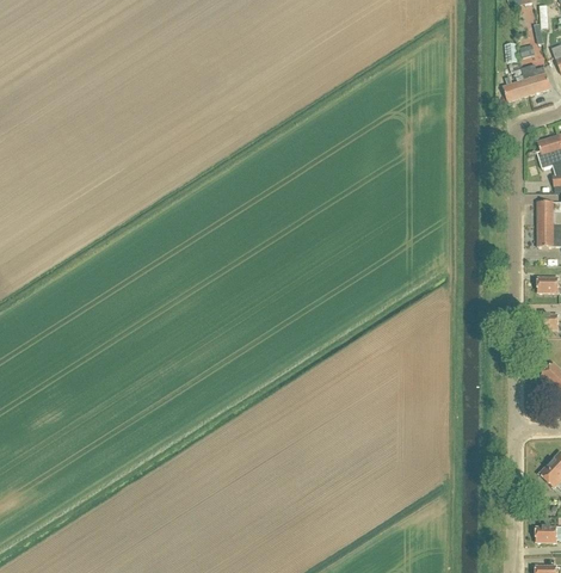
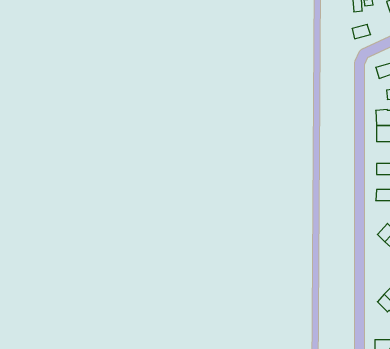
building: [520,63,549,94] -> none

